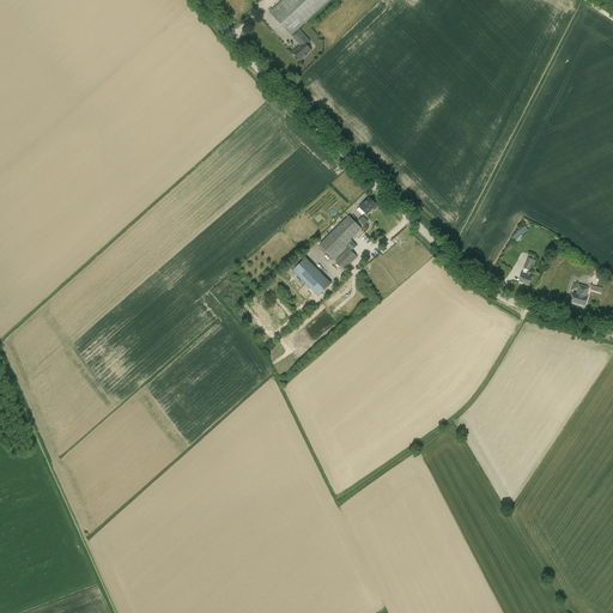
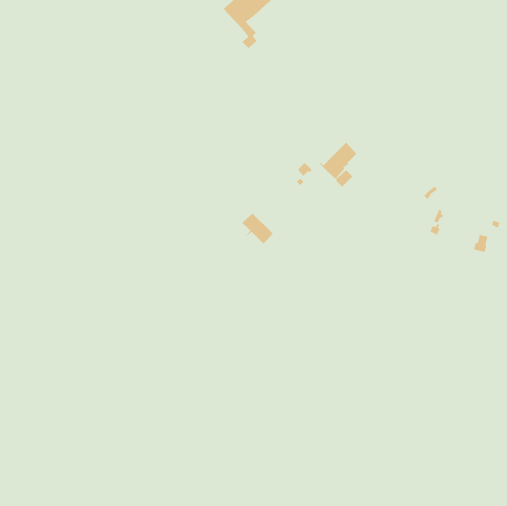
building: [315,213,360,268] -> [319,142,357,188]

